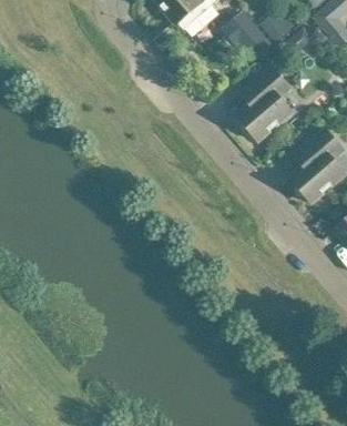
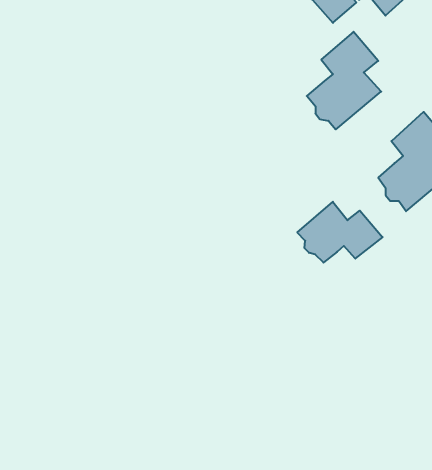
building: none -> [297,202,383,263]

